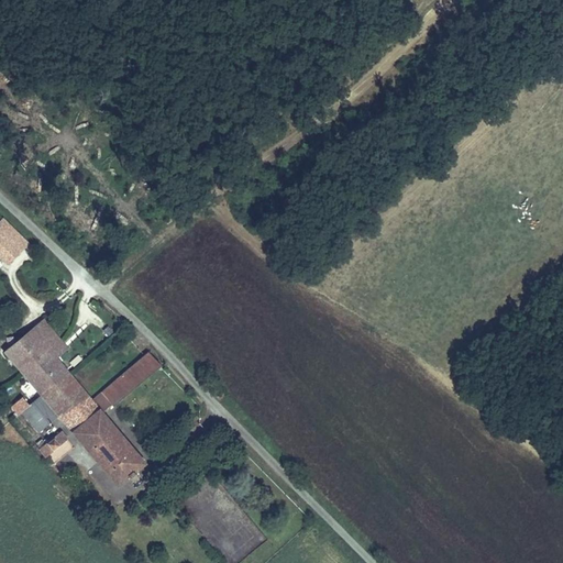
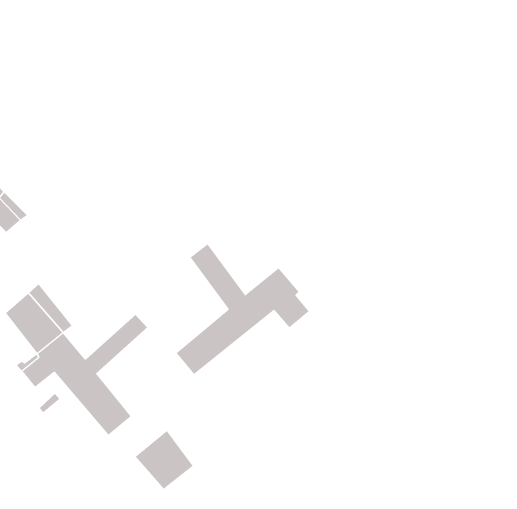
building: none -> [176,244,309,375]
building: none -> [135,430,193,490]

